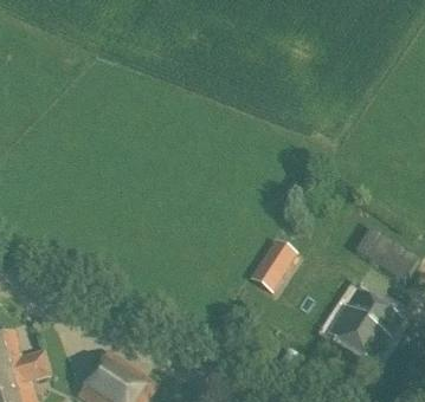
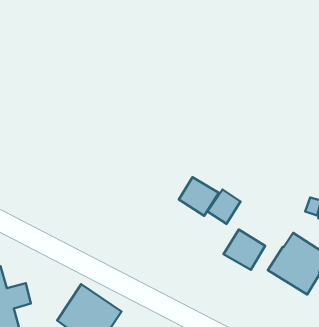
building: none -> [179,177,219,216]
building: none -> [224,230,265,270]

